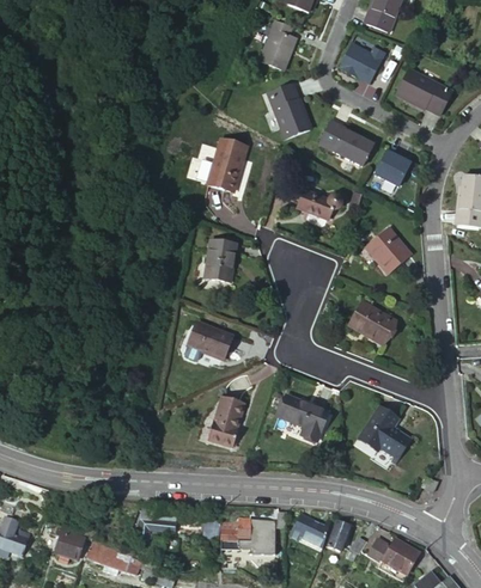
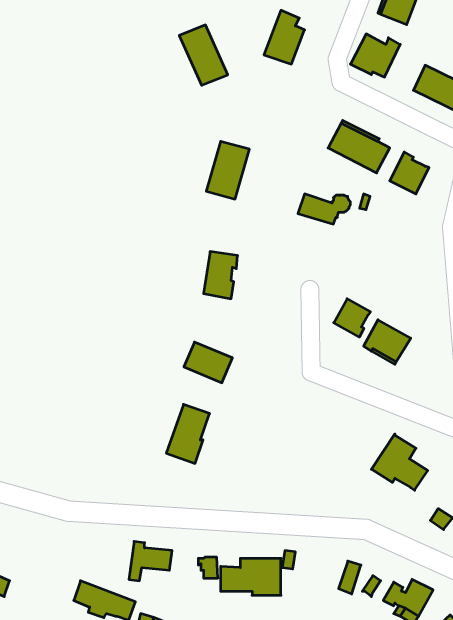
building: [267,86,311,141] -> [179,25,228,85]
building: [366,218,412,263] -> none
building: none -> [334,299,370,337]
building: [281,393,331,437] -> none
building: [207,394,246,448] -> [166,404,210,463]
building: [297,515,329,543] -> none
building: [55,528,85,563] -> none

